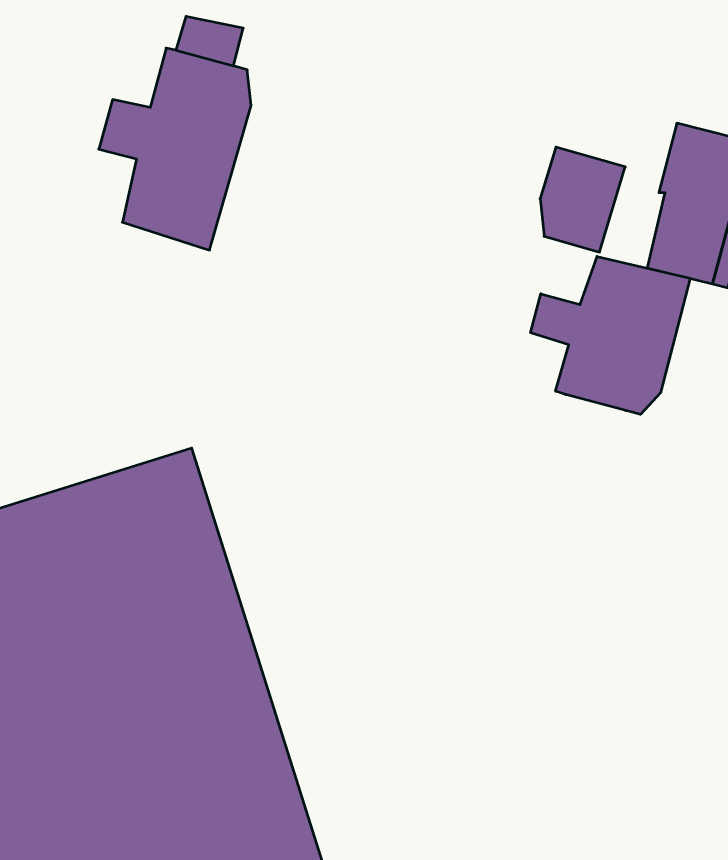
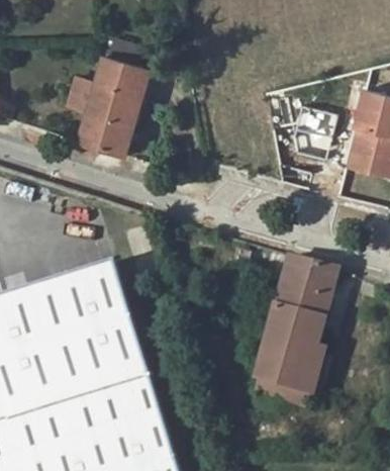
building: [531,256,690,414] -> none
building: none -> [257,255,336,394]

